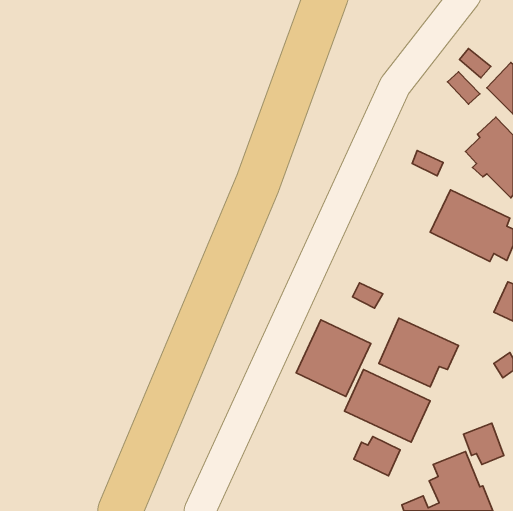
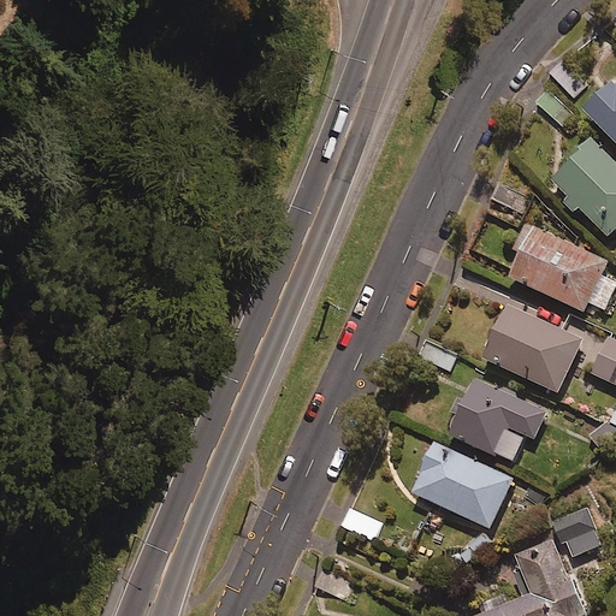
building: none -> [486,307,582,392]
building: [296,320,371,396] -> none
building: [354,437,400,476] -> none

